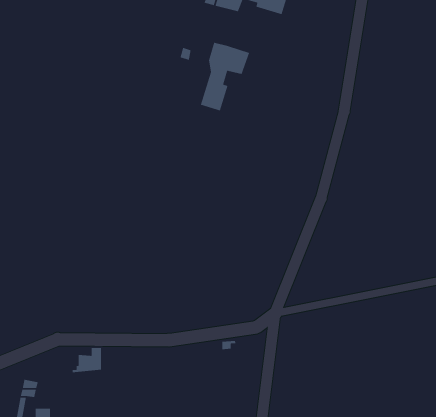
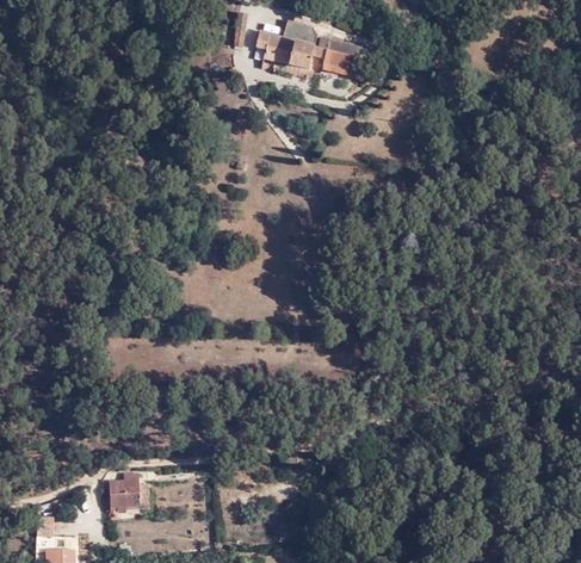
building: [200,42,250,111] -> none

